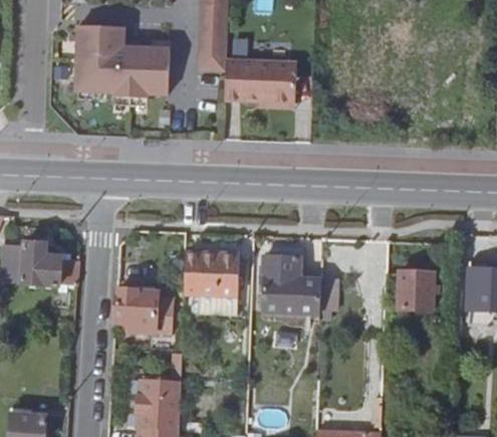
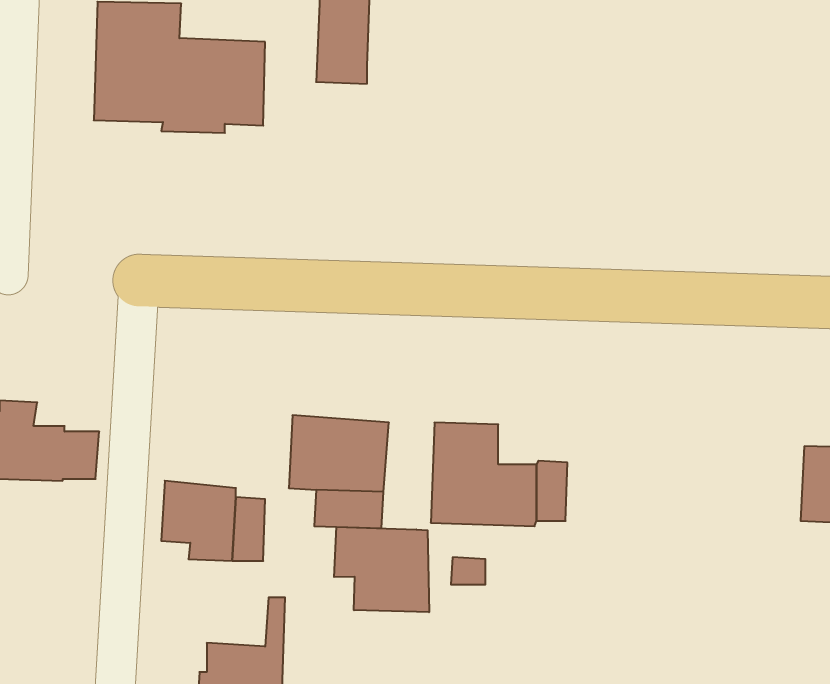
building: [225,59,297,103] -> none
building: [383,269,432,310] -> none
building: none -> [334,527,429,612]

